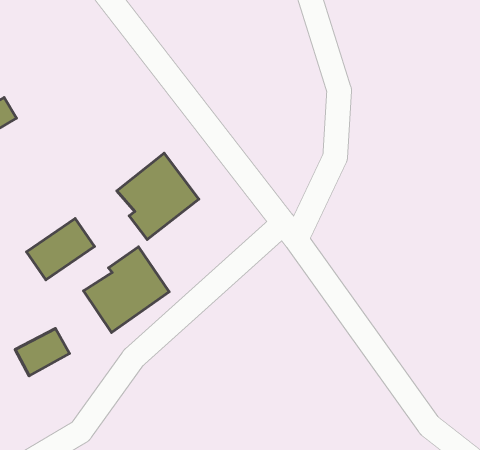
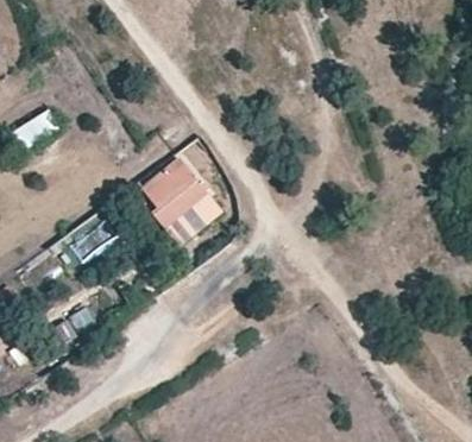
building: [84,247,169,332] -> none

